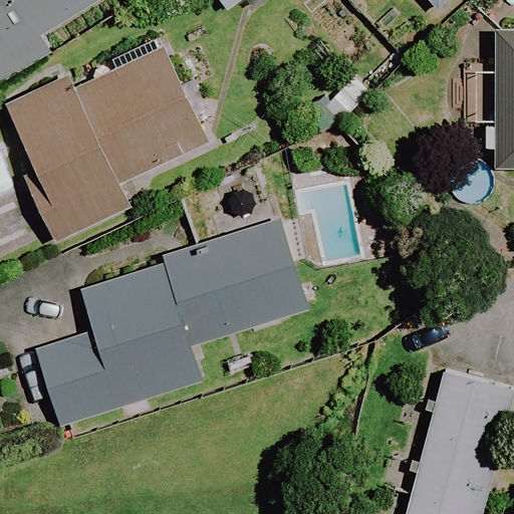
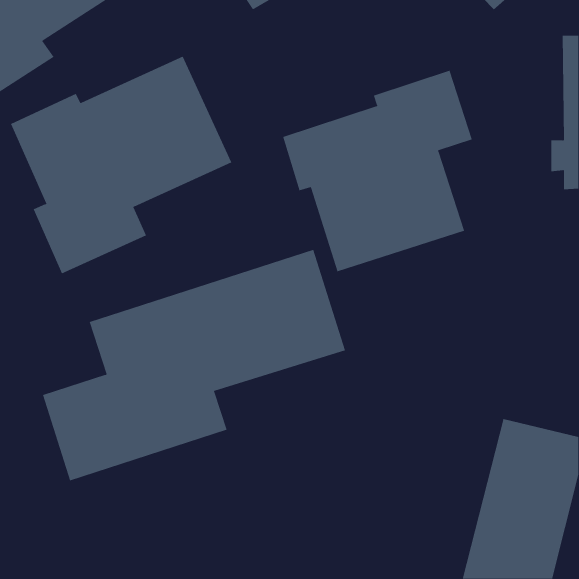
building: none -> [282,70,472,272]

